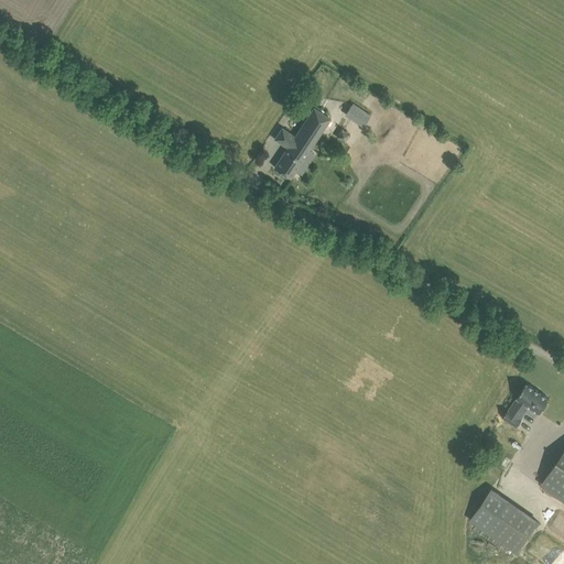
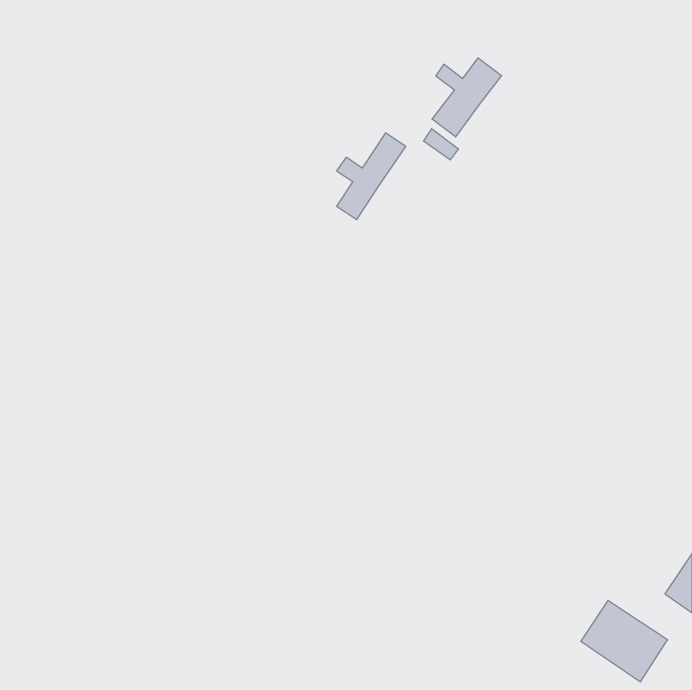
building: none -> [432,58,502,137]
building: [501,386,547,430] -> none

